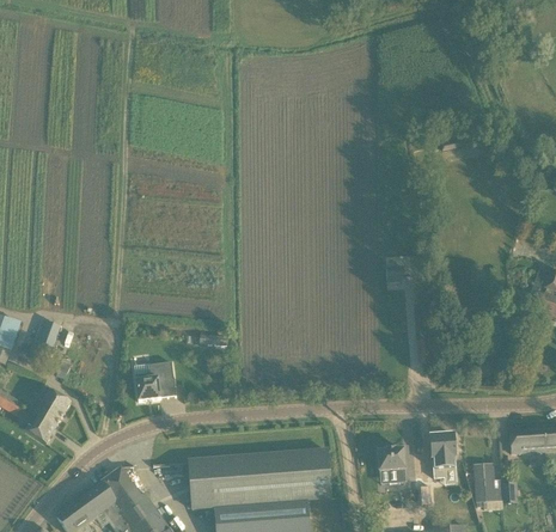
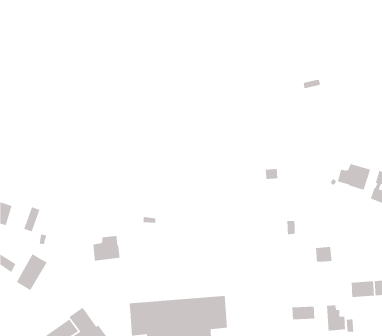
building: none -> [337,163,371,191]
building: [430,435,456,459] -> [315,246,333,263]
building: [378,450,405,484] -> none

